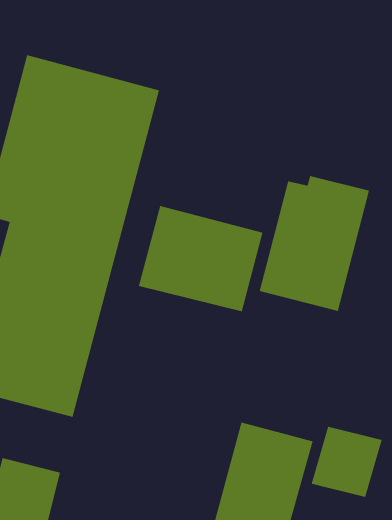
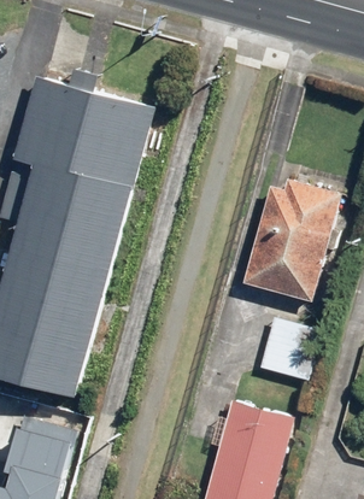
building: [138,205,263,312] -> none
building: [311,426,382,498] -> [253,317,316,380]

